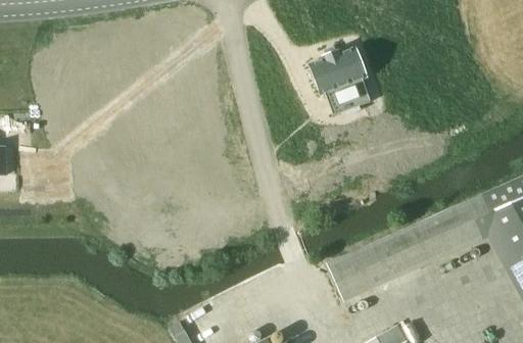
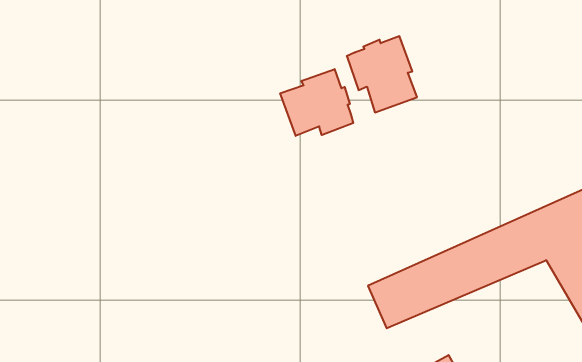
building: none -> [280,69,353,136]

